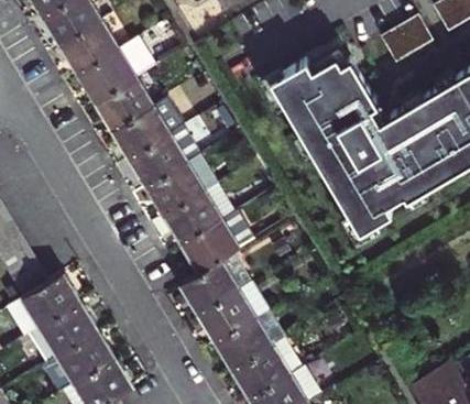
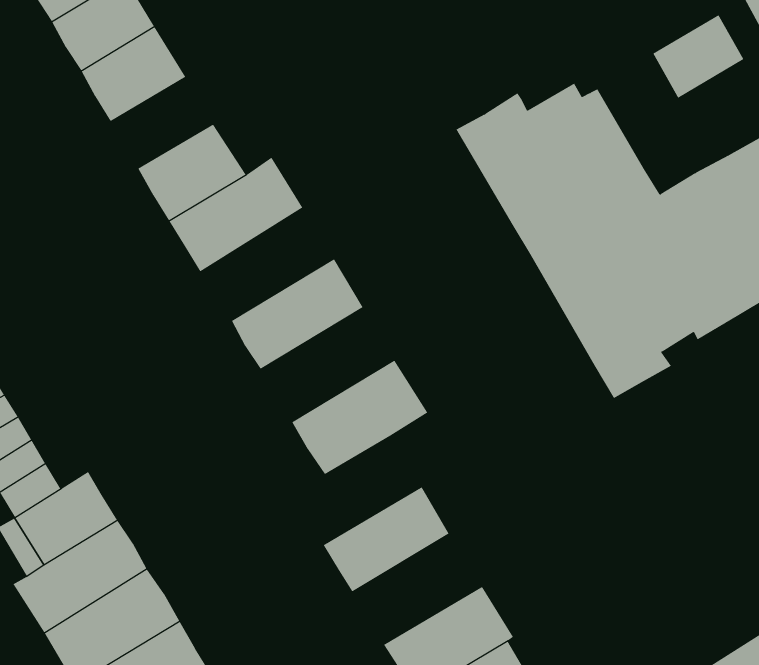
building: [76,39,155,102] -> none
building: [127,124,203,188] -> none
building: [161,181,237,245] -> none
building: [178,253,252,315] -> none
building: [212,308,286,371] -> none

